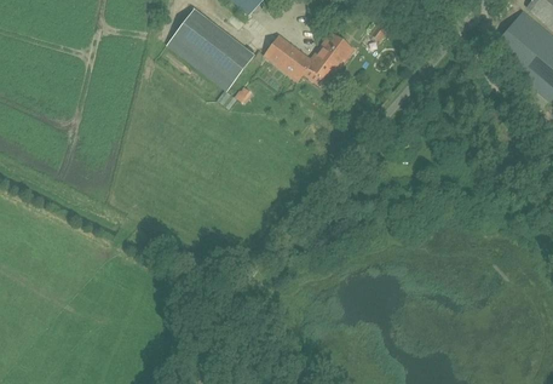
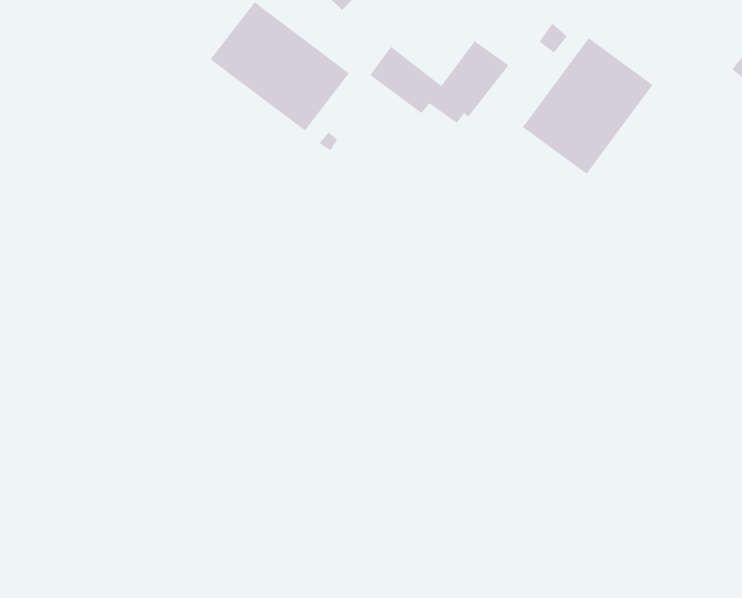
building: none -> [522,37,653,175]

